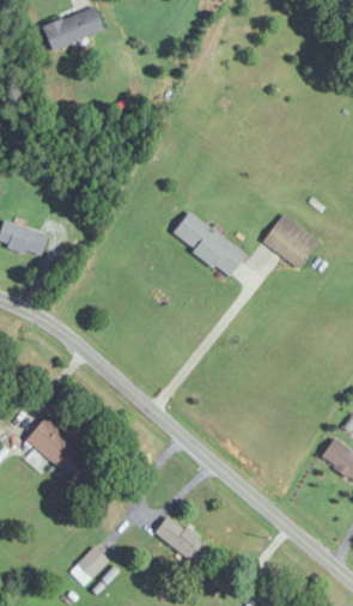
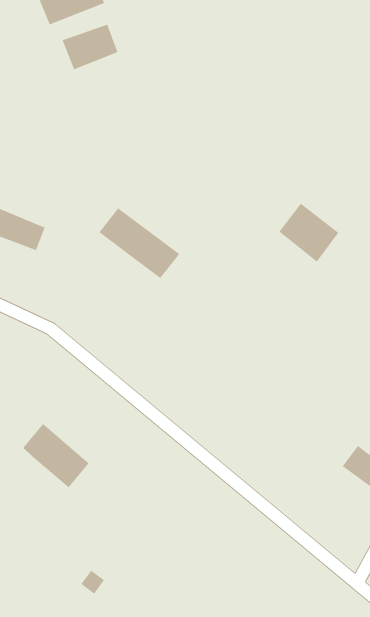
building: none -> [62,24,118,70]
building: [170,210,245,275] -> [99,208,180,279]
building: [154,514,209,564] -> none

